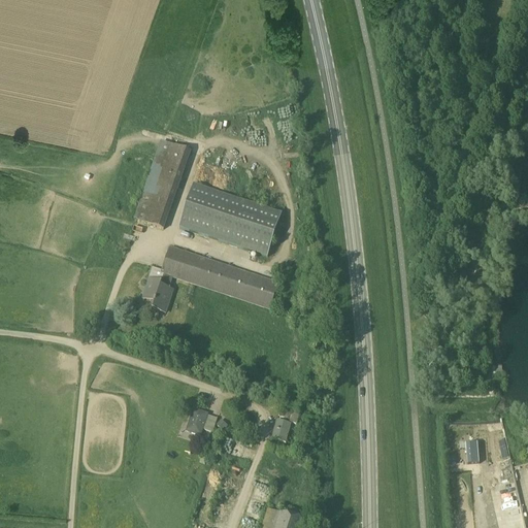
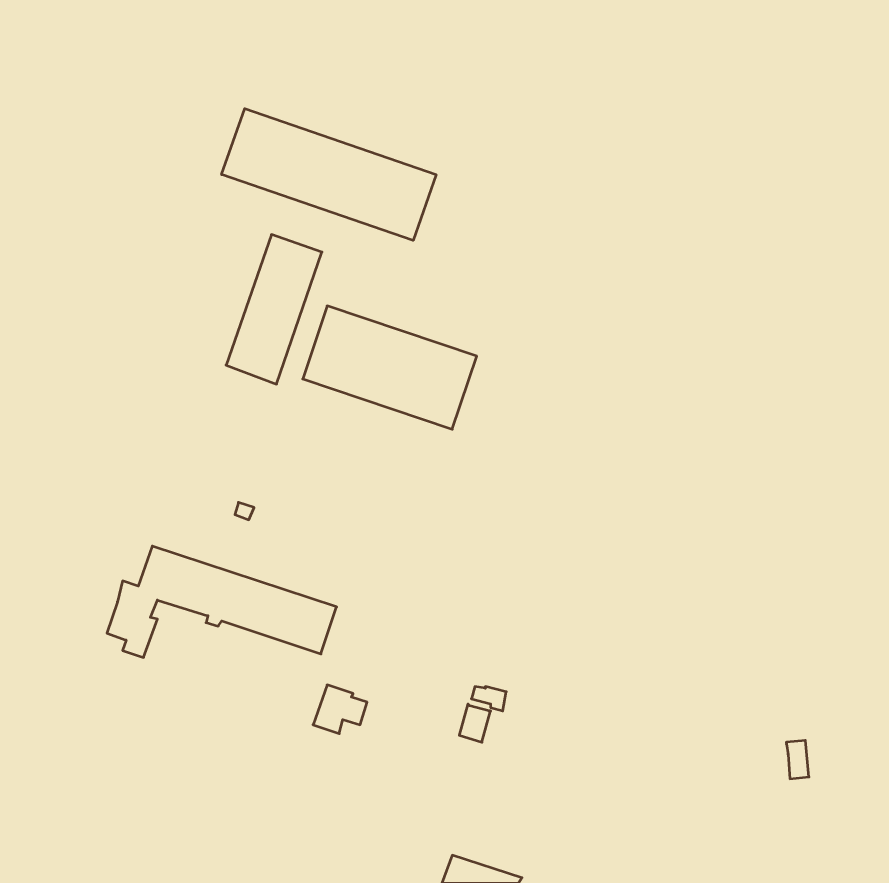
building: none -> [222,109,436,240]
building: [143,244,279,310] -> [107,546,337,657]

